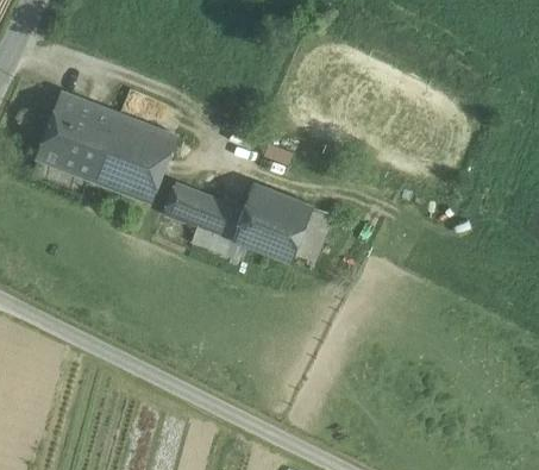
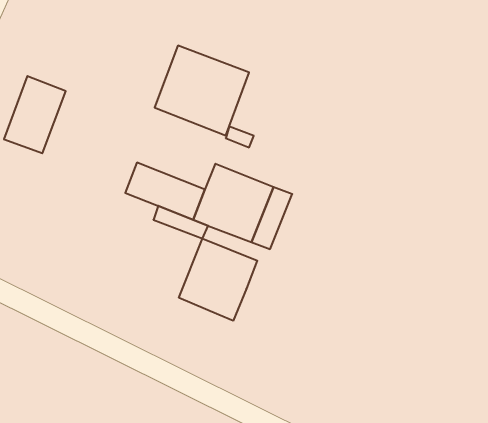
building: [76,108,173,200] -> [155,46,249,136]
building: none -> [179,239,257,321]

